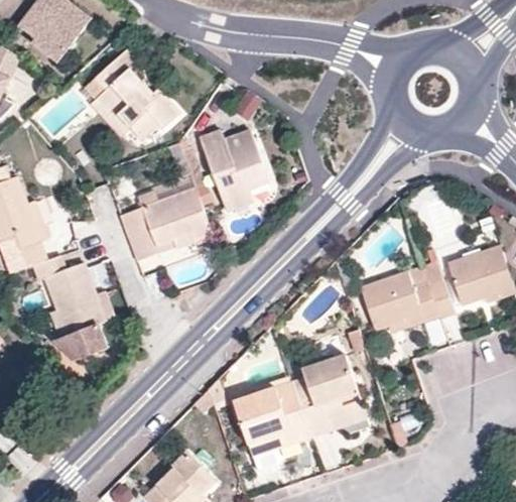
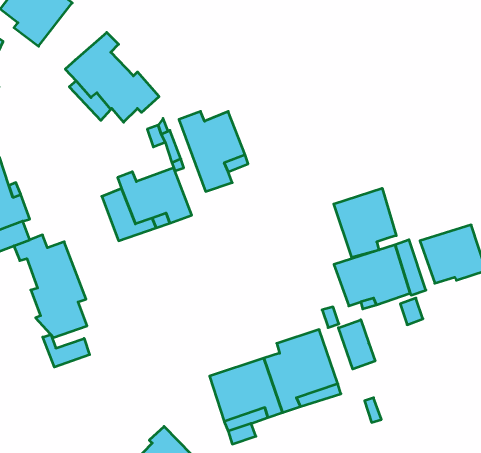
building: none -> [334,188,396,258]
building: none -> [338,320,375,369]
building: none -> [43,335,90,367]

